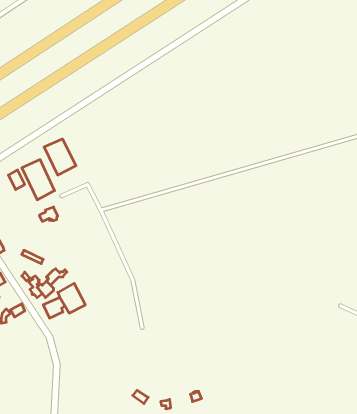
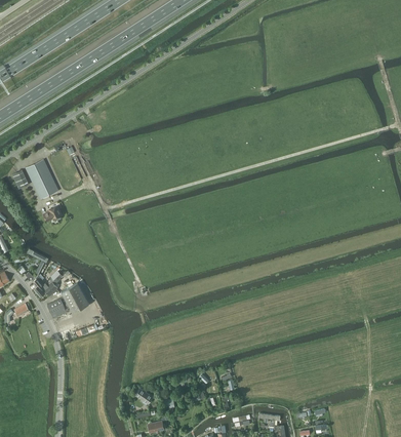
building: [44,139,76,175] -> none

